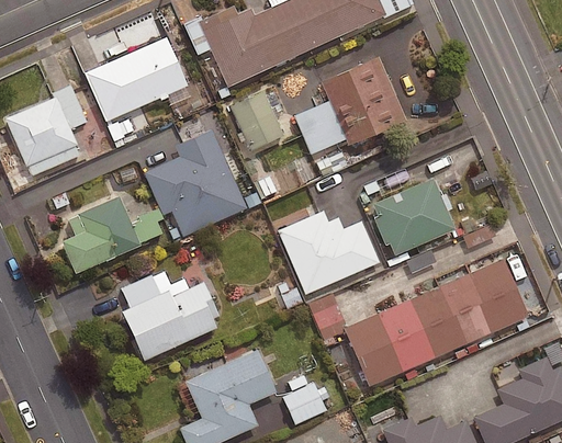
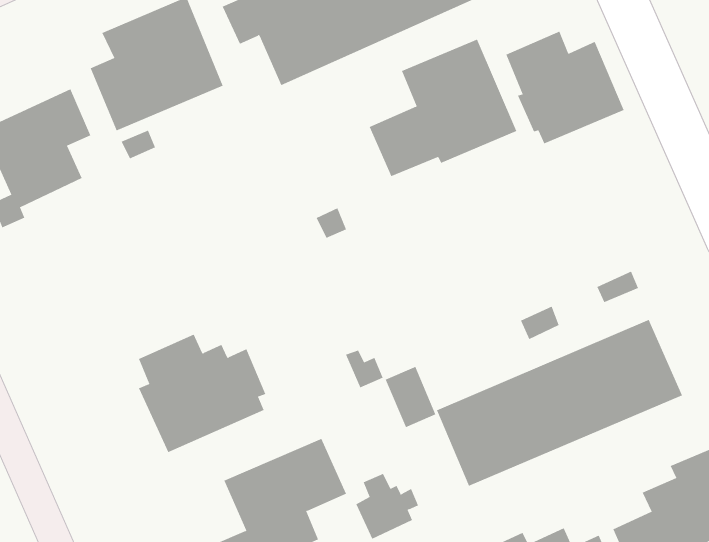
building: [229,91,282,149] -> none
building: [146,129,248,237] -> none
building: [364,170,453,254] -> [506,31,624,144]
building: [55,197,162,273] -> none
building: [279,212,379,294] -> none

